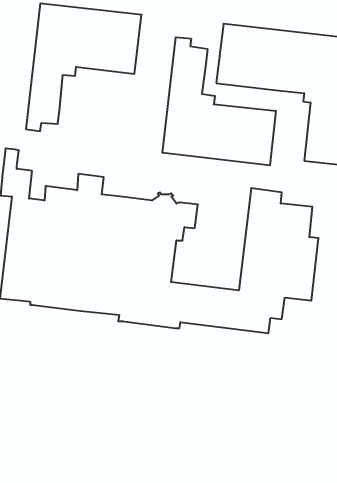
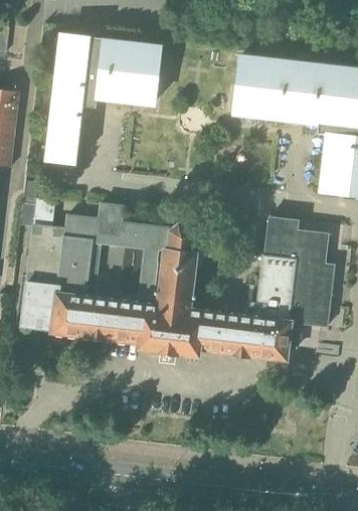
building: [163,37,276,165] -> none

